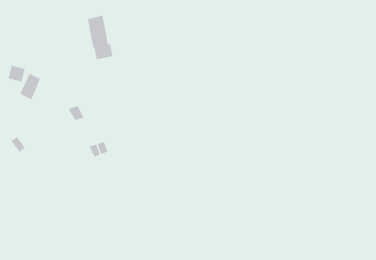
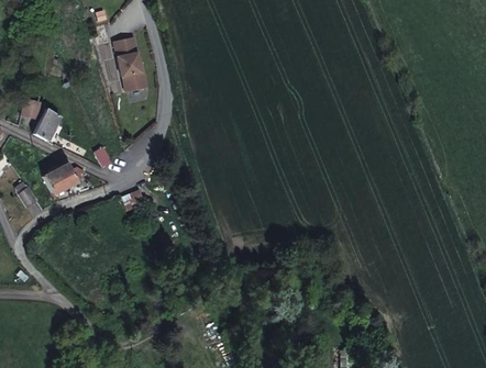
building: none -> [46,165,85,193]

